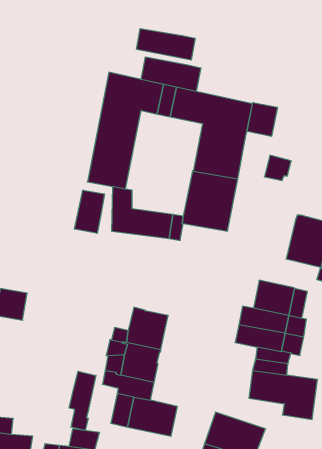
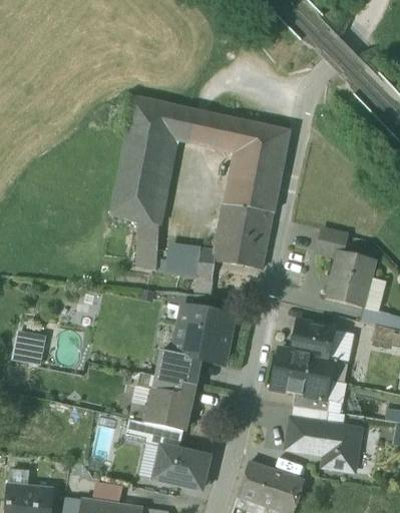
building: [137,29,195,60] -> none
building: [141,57,201,91] -> none
building: [247,102,277,136] -> none
building: [264,155,291,180] -> [317,228,346,255]
building: [75,190,104,233] -> none
building: none -> [173,305,235,364]
building: [69,371,96,431] -> none

